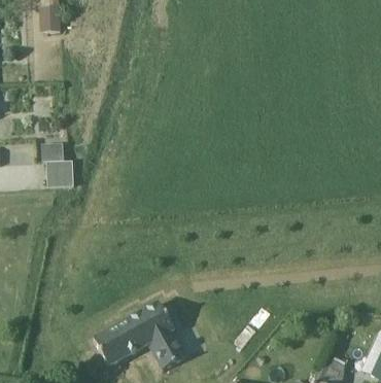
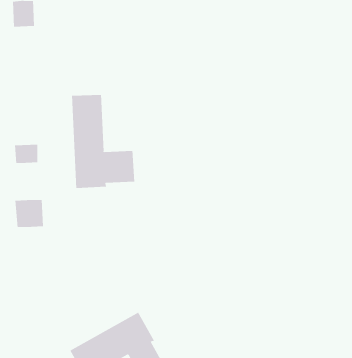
building: none -> [71,94,135,189]
building: [45,161,73,187] -> [15,199,44,228]

